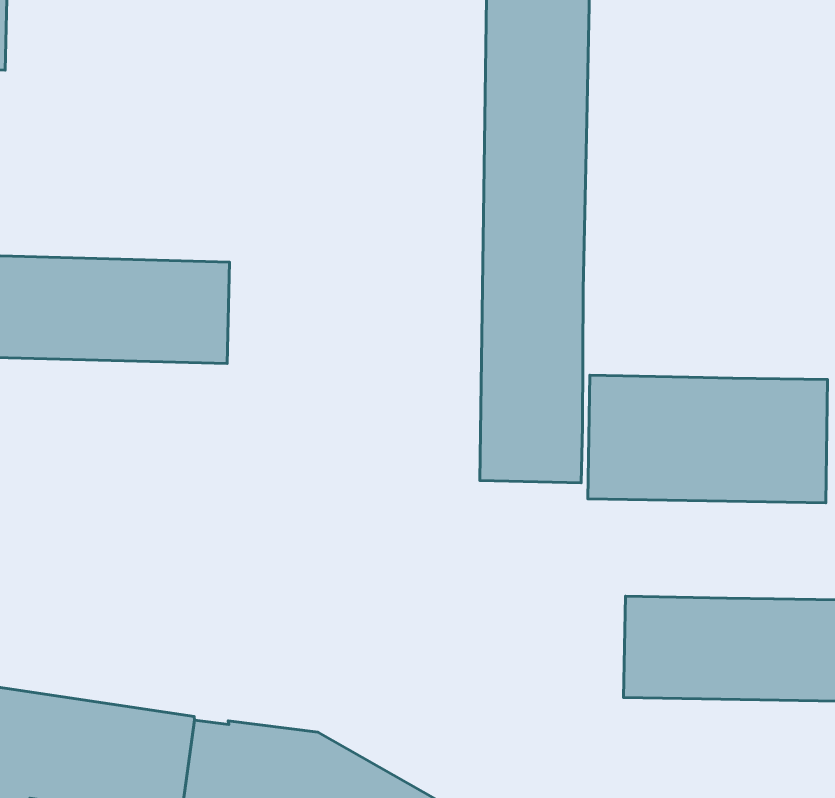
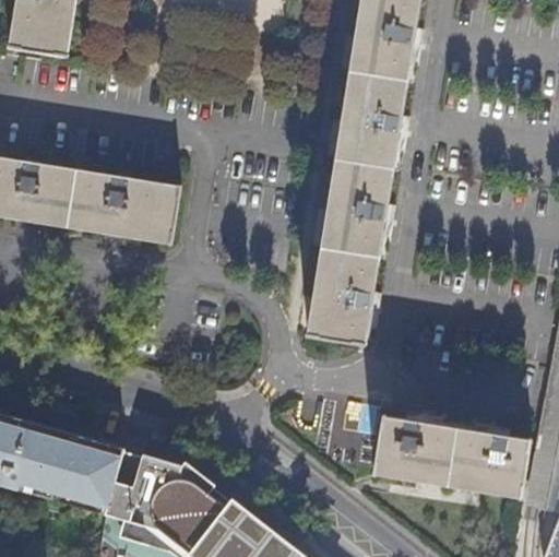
building: [588,375,828,503] -> none

